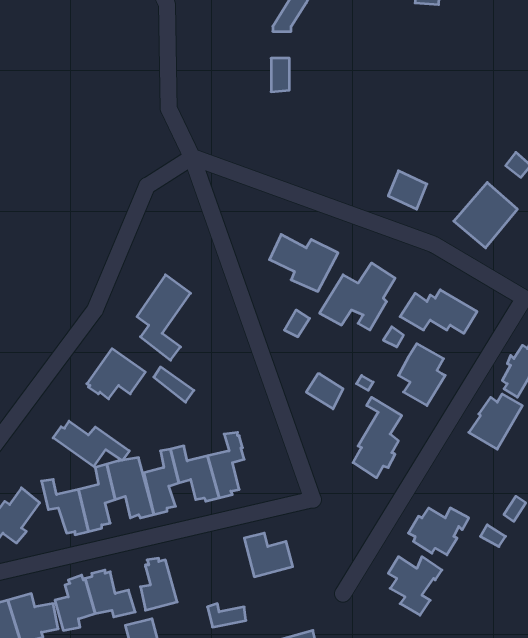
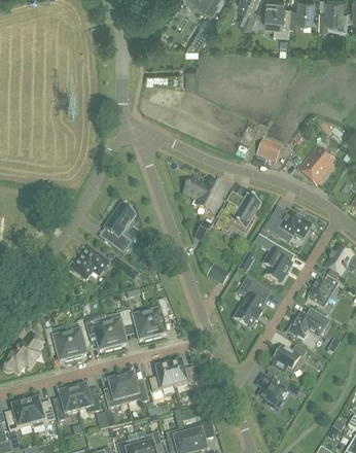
building: [53,421,129,466] -> none
building: none -> [287,310,329,338]
building: none -> [148,362,175,390]
building: none -> [120,371,148,402]

